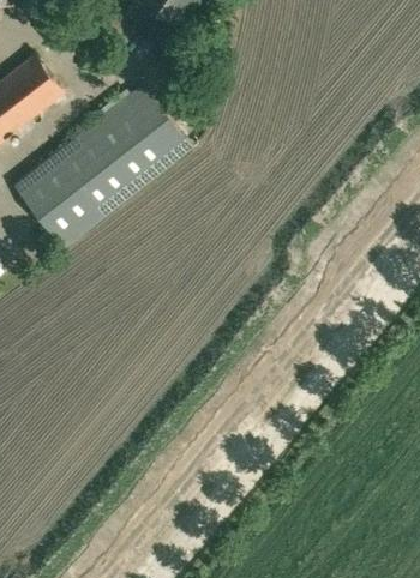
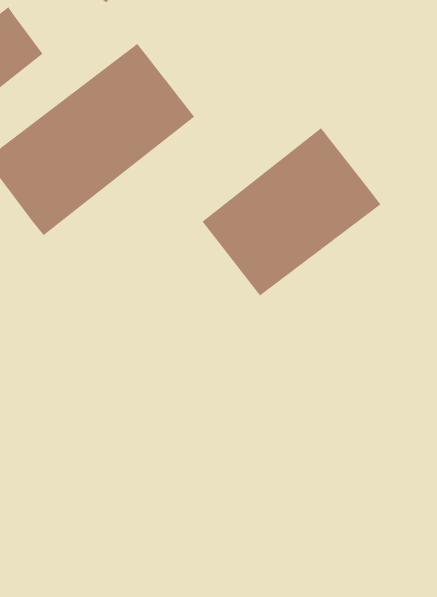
building: none -> [202,127,382,297]

